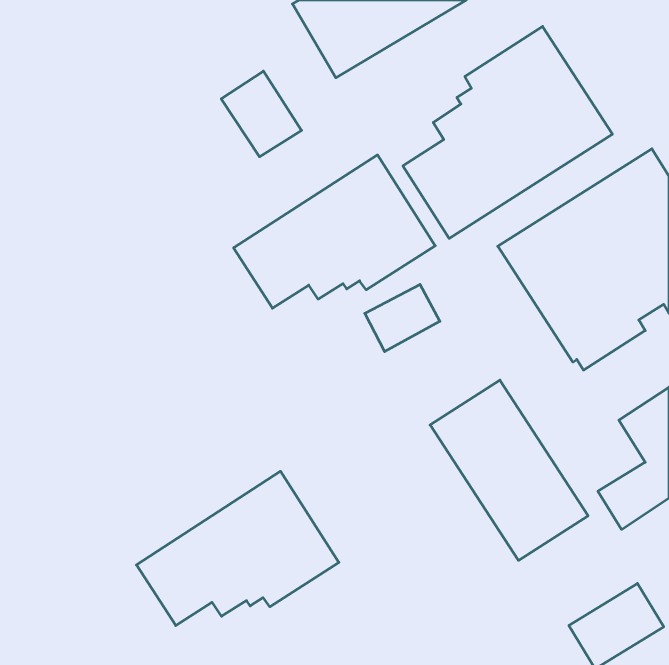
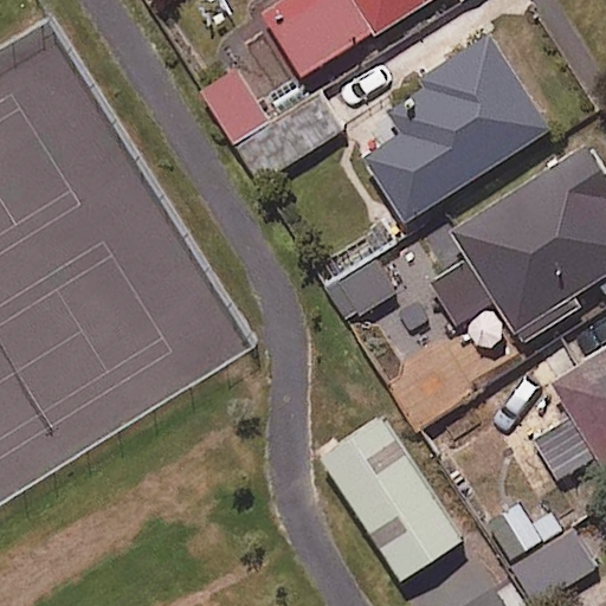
building: [234,155,435,308] -> none
building: [430,380,588,560] -> [321,417,463,579]
building: [136,471,339,626] -> none

